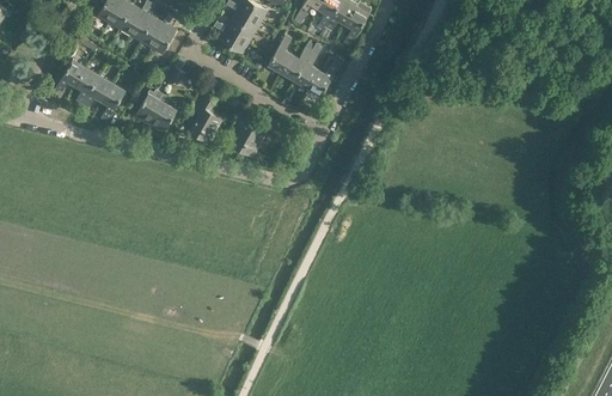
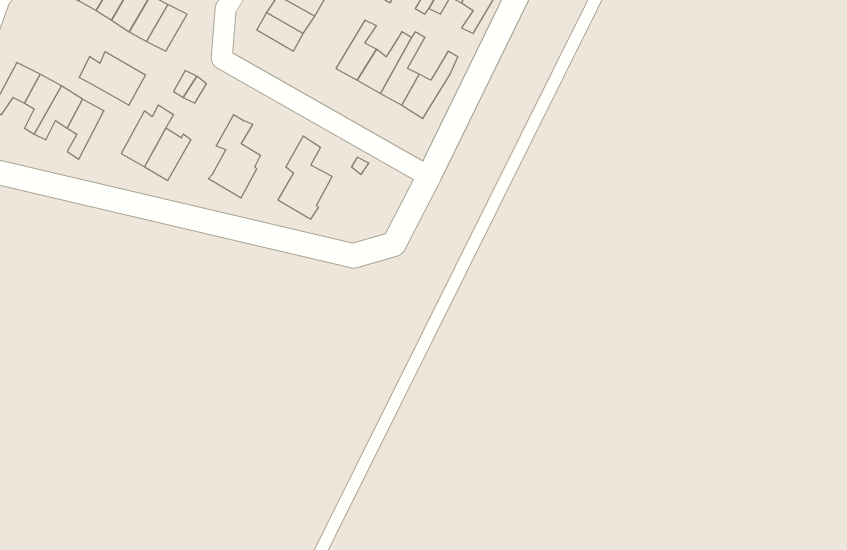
building: none -> [79,52,146,105]

